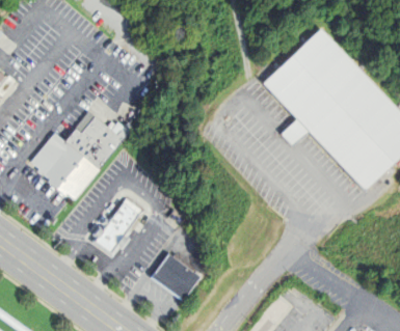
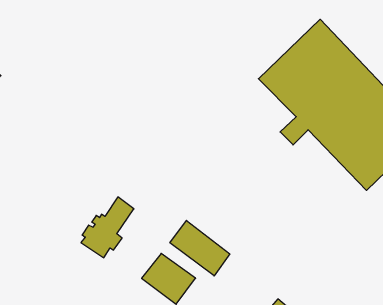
building: [30,112,133,201] -> none
building: none -> [170,220,230,276]

